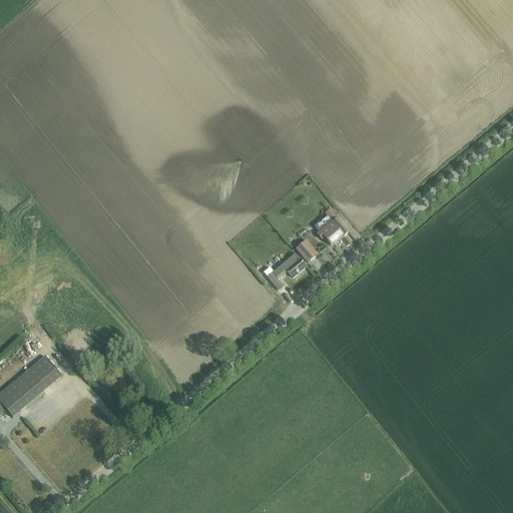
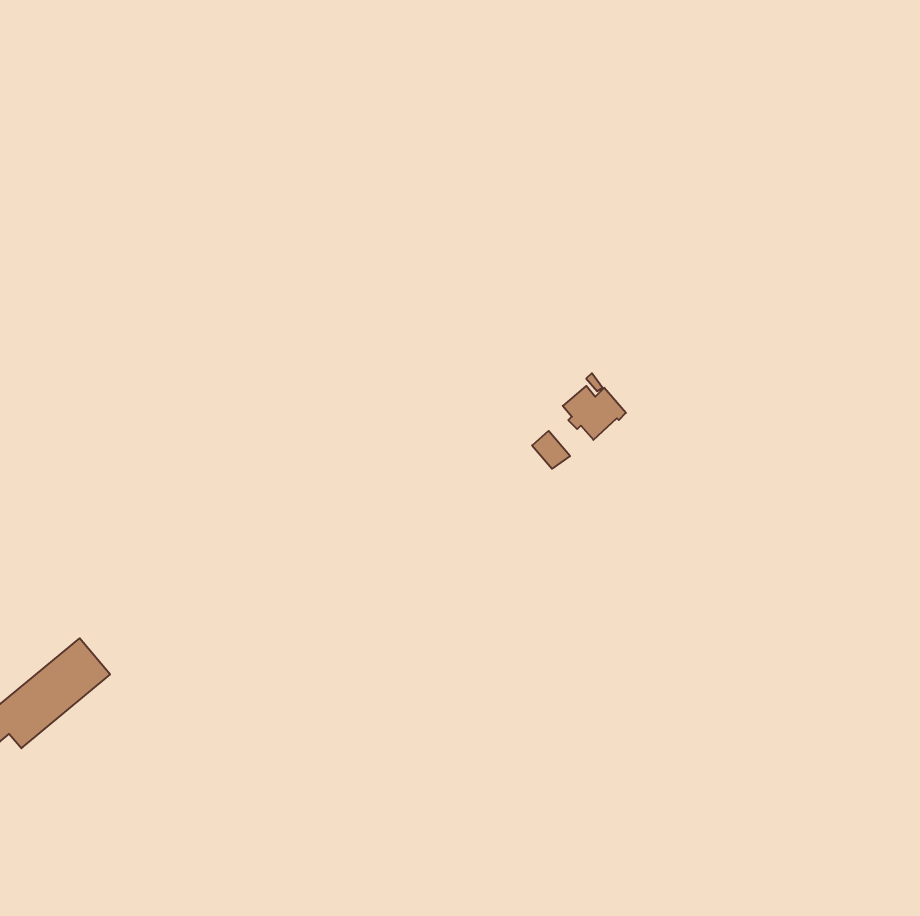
building: [268,253,306,289] -> none

